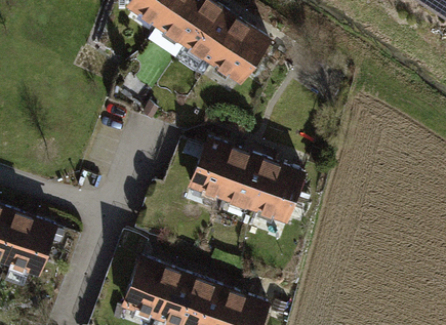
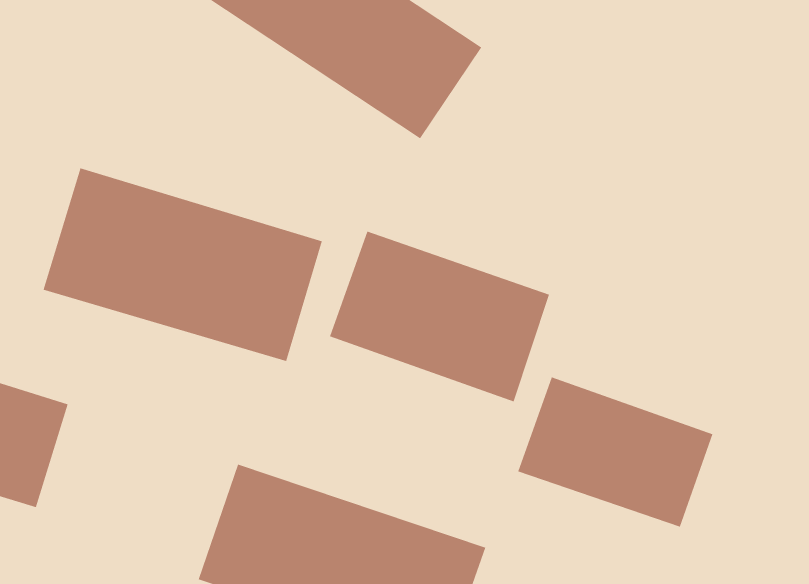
building: none -> [43,167,323,362]
building: none -> [518,377,713,528]

